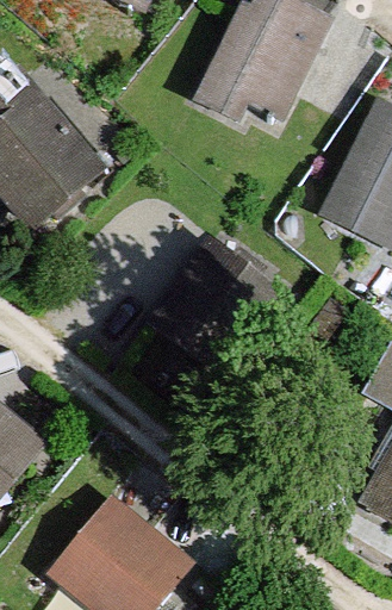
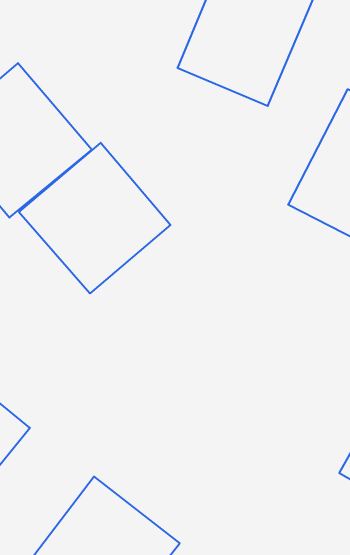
building: none -> [19,143,170,293]

